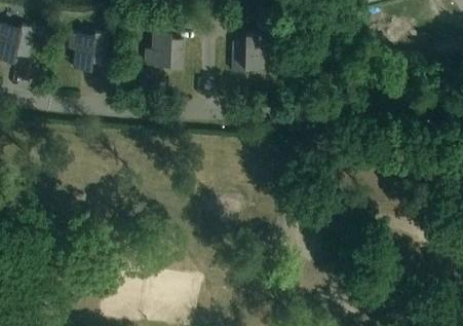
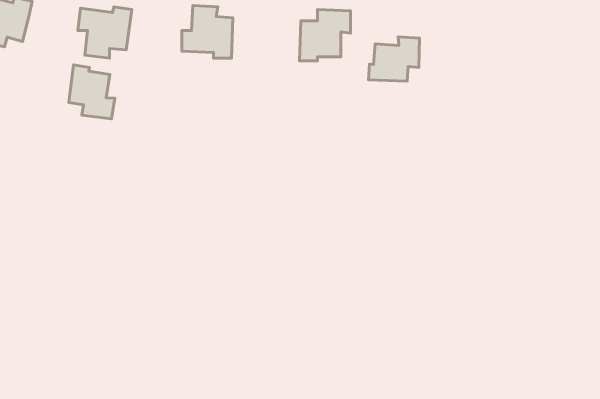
building: none -> [368,37,420,81]
building: none -> [69,65,115,119]

